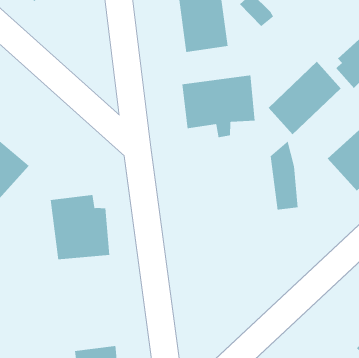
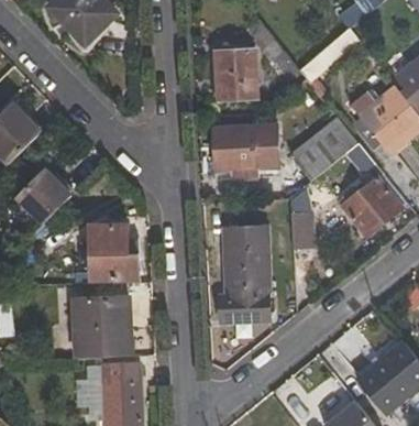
building: none -> [217,227,268,323]
building: none -> [70,296,132,359]

